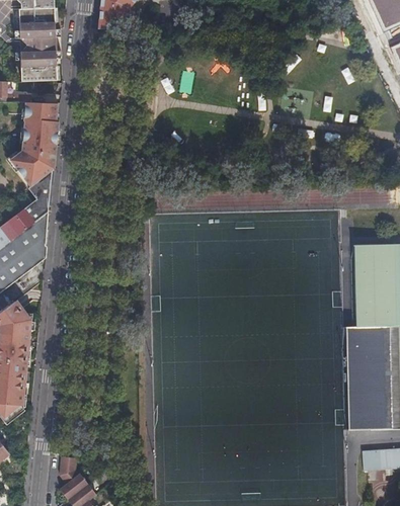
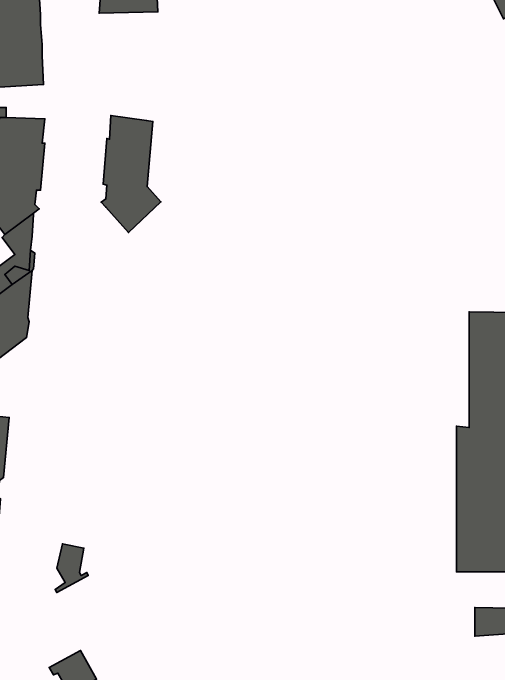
building: none -> [101,115,161,232]
building: [59,456,82,491] -> [55,544,88,592]

